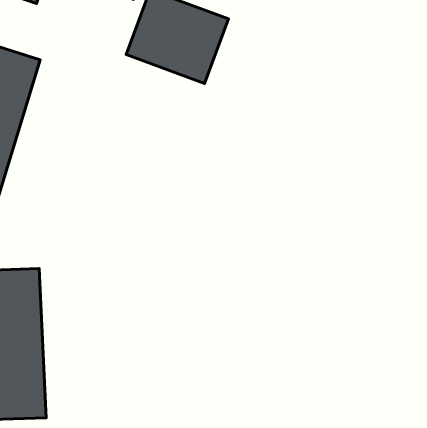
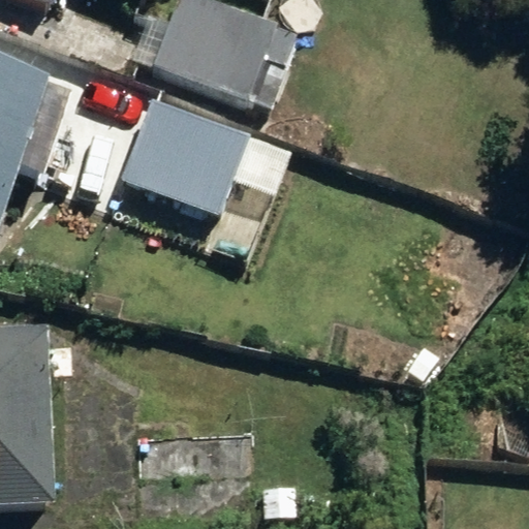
building: none -> [117,97,252,219]

